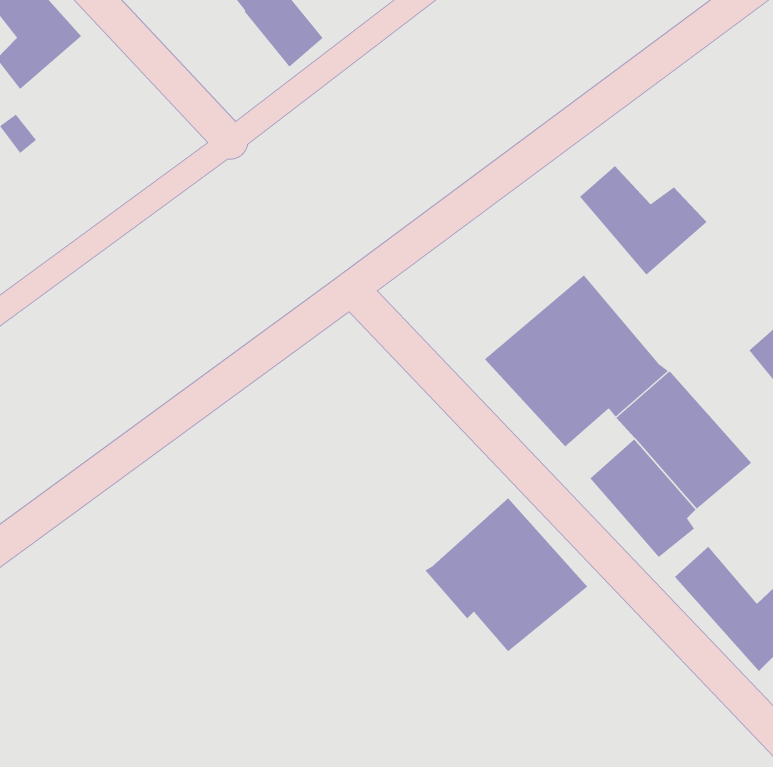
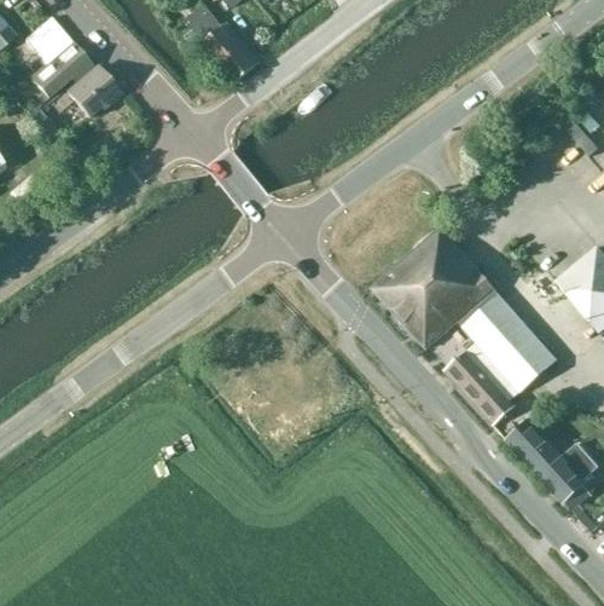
building: none -> [68,64,118,115]
building: [579,165,708,275] -> none
building: [424,498,588,652] -> none

